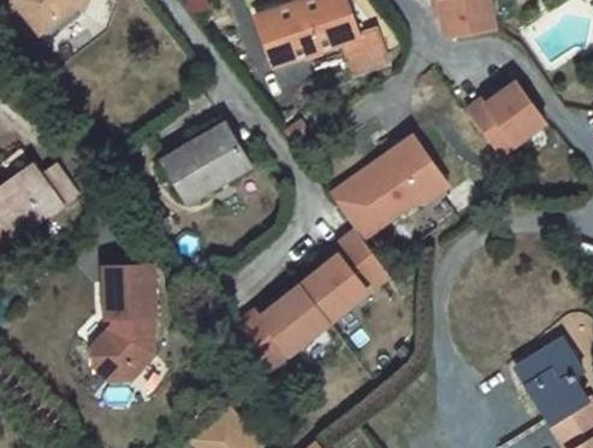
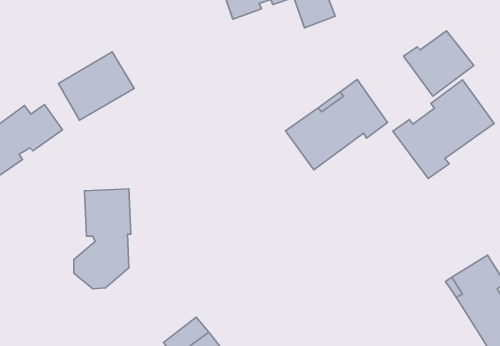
building: [162,124,249,202] -> [59,52,134,120]
building: none -> [393,80,494,179]
building: [231,231,390,373] -> none

